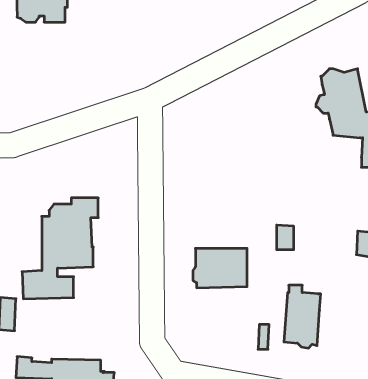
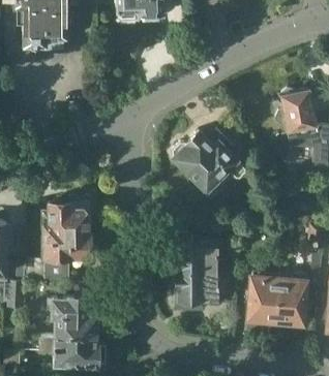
building: none -> [174,124,244,190]
building: none -> [173,273,218,310]
building: none -> [277,273,306,325]
building: none -> [51,296,96,335]

